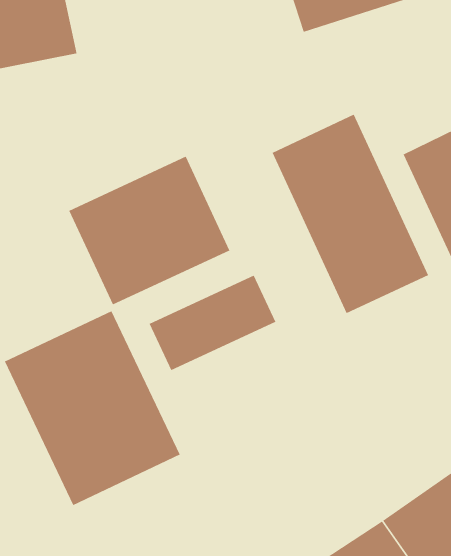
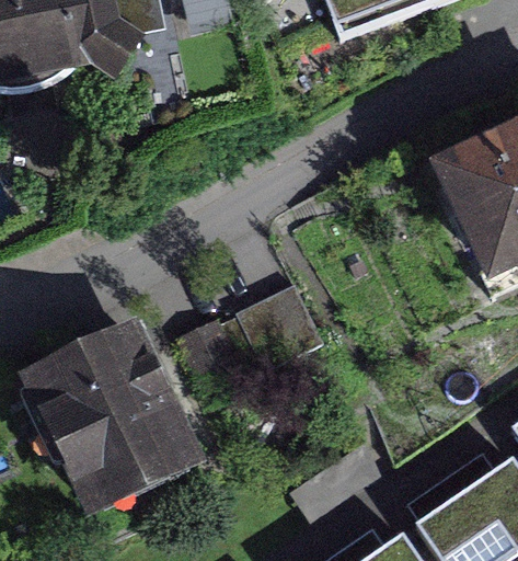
building: [271,114,429,314] -> none
building: [68,156,231,306] -> none

